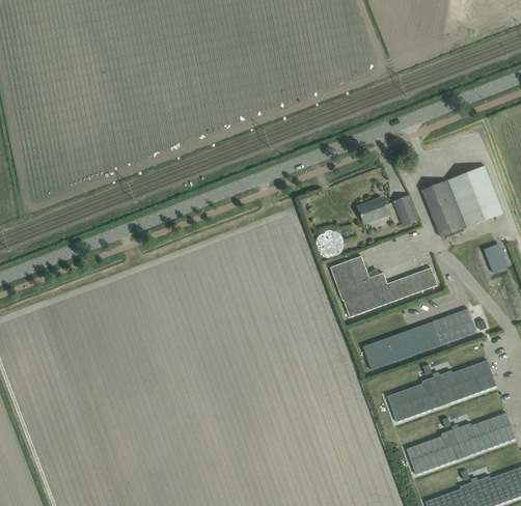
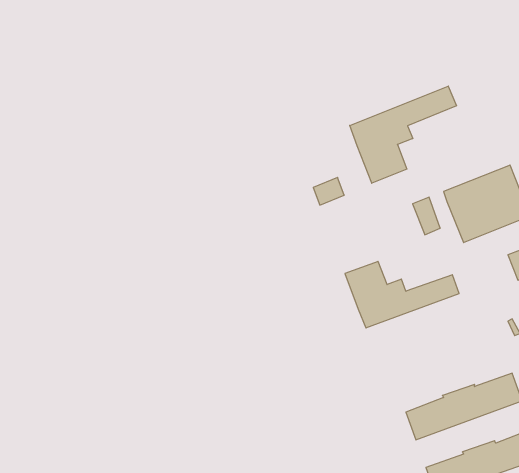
building: none -> [350,86,456,183]
building: [358,197,387,223] -> [313,177,344,205]
building: [362,309,475,369] -> none

